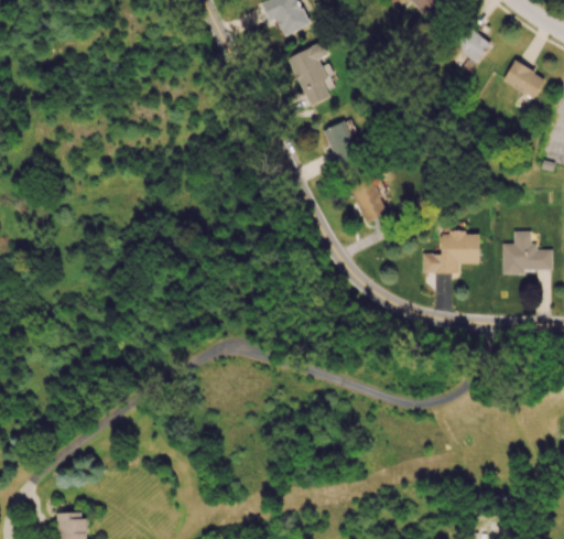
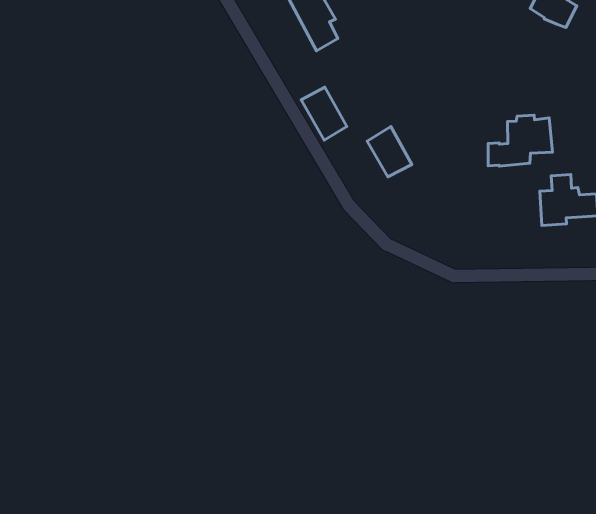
building: [322,120,361,168] -> [301,87,347,140]
building: [422,229,480,273] -> [488,115,552,166]

